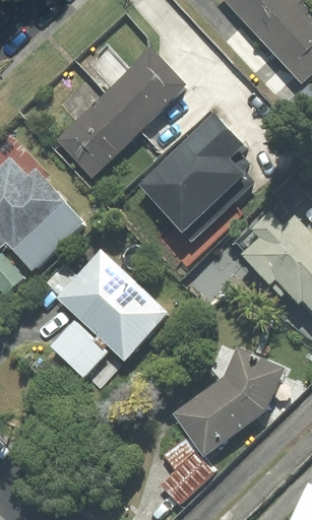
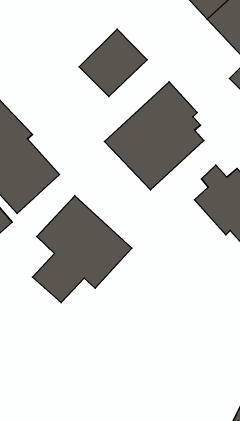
building: [56,94,140,178] -> none
building: [173,348,283,455] -> none
building: [161,440,213,504] -> none

